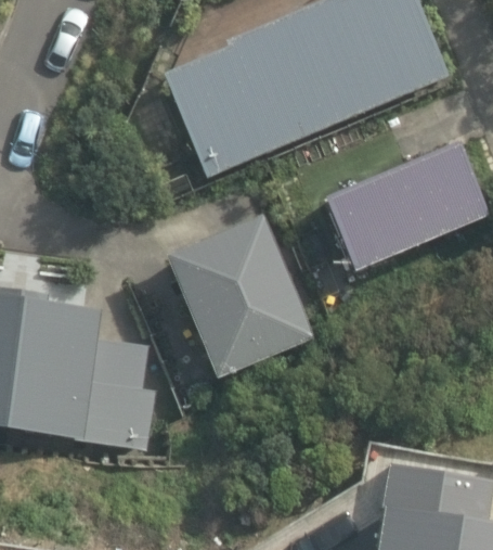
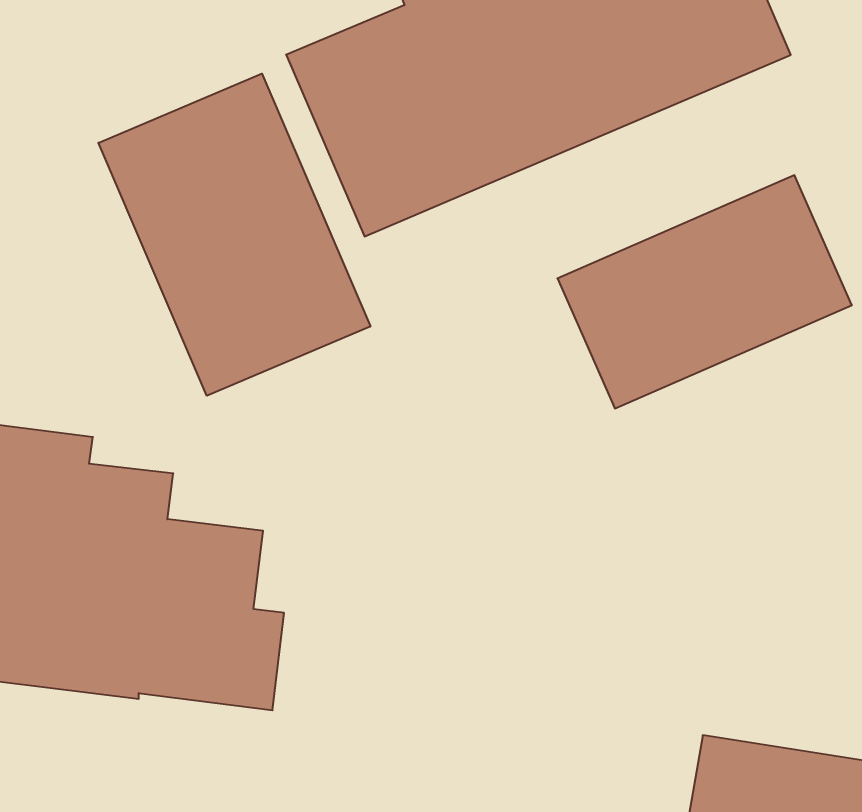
building: none -> [98,74,370,396]
building: [159,214,311,380] -> none

